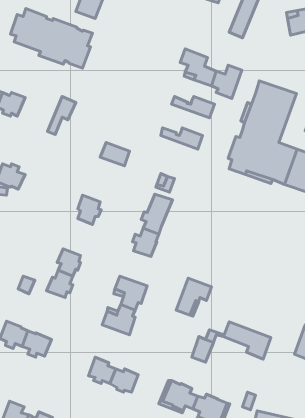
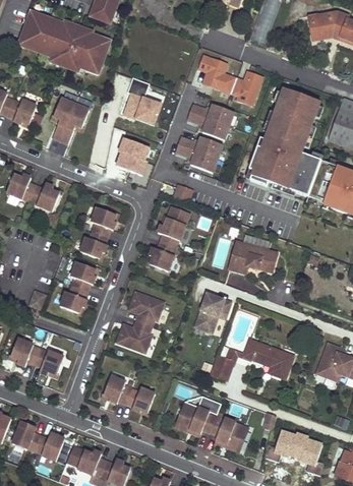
building: none -> [124,77,161,124]
building: none -> [52,98,75,140]
building: none -> [187,112,229,140]
building: none -> [118,136,149,161]
building: none -> [175,144,217,173]
building: none -> [30,184,60,211]
building: none -> [80,231,107,258]
building: none -> [229,241,277,272]

